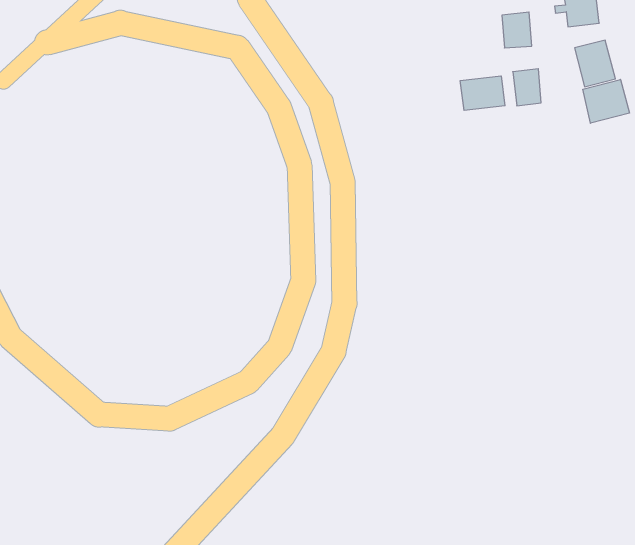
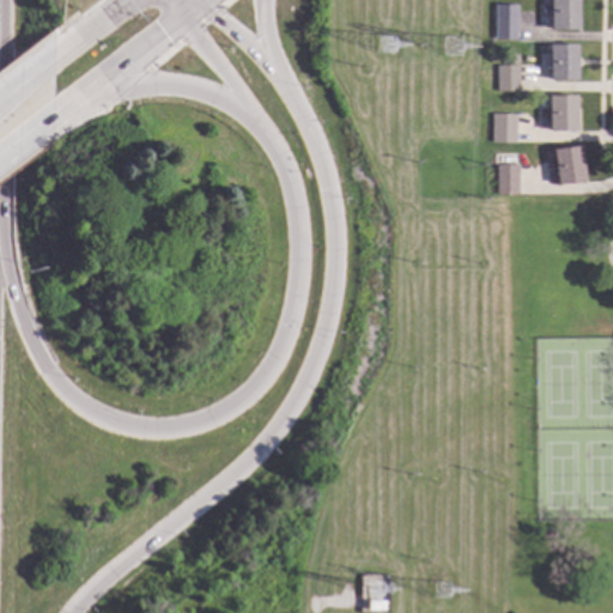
building: [460,76,505,110] -> none
building: [583,79,629,123] -> none

